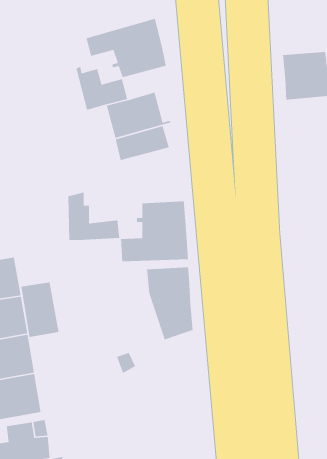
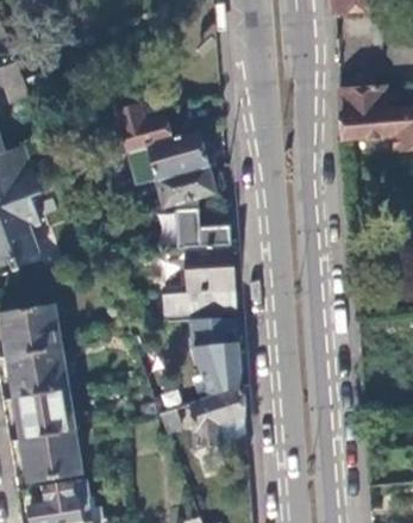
building: [85,18,167,78] -> none
building: [67,191,120,241] -> [176,197,232,249]
building: [20,281,59,338] -> none
building: none -> [186,385,245,449]

